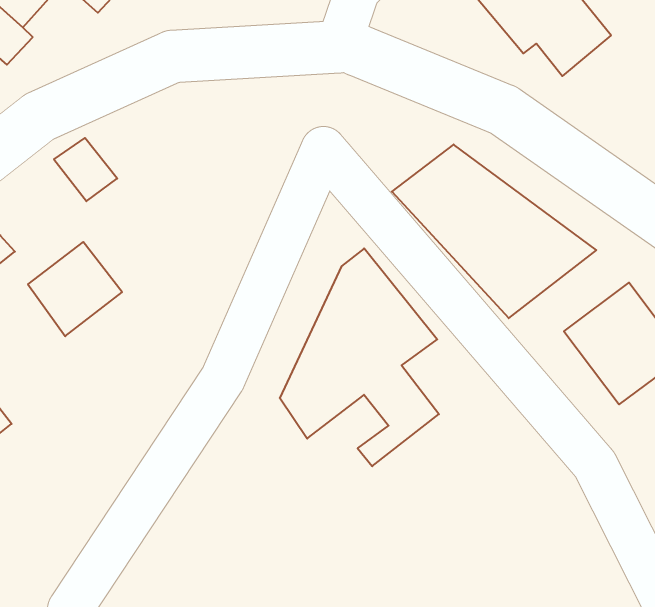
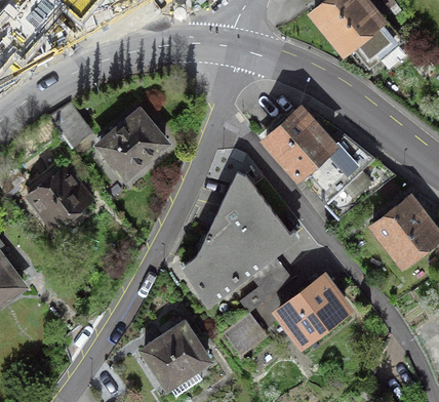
building: none -> [99,111,165,175]
building: none -> [280,280,344,345]
building: none -> [223,312,267,356]
building: none -> [144,323,208,386]

